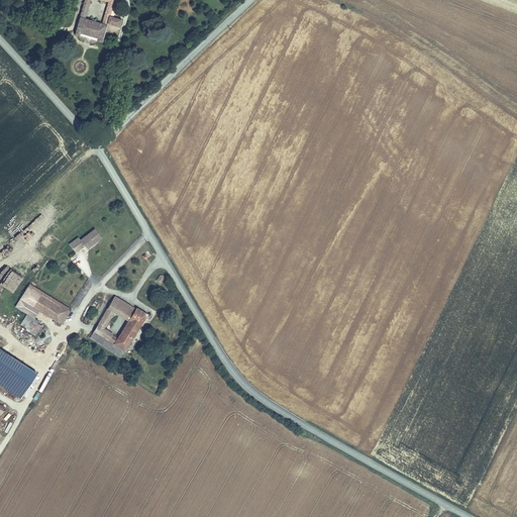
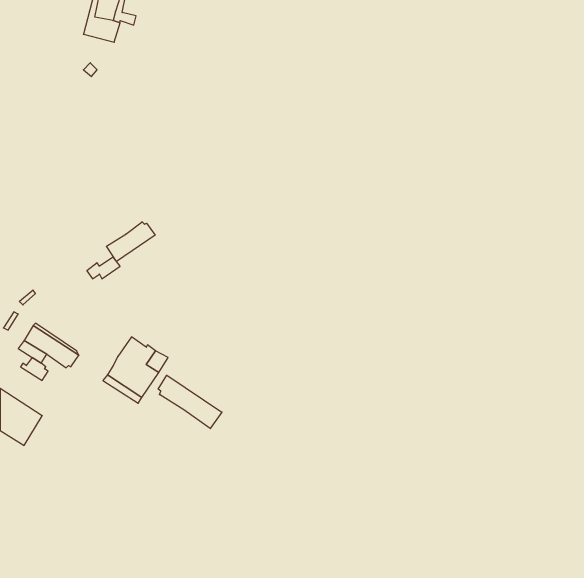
building: none -> [106,222,155,262]
building: none -> [158,375,222,429]

